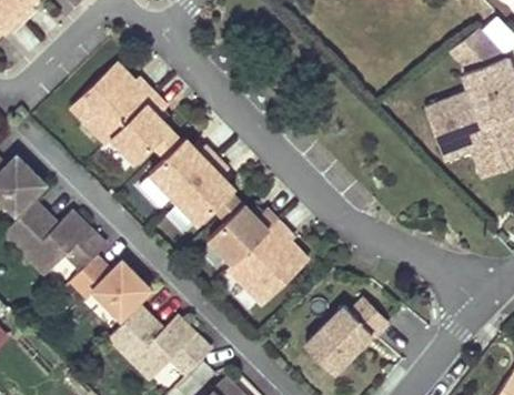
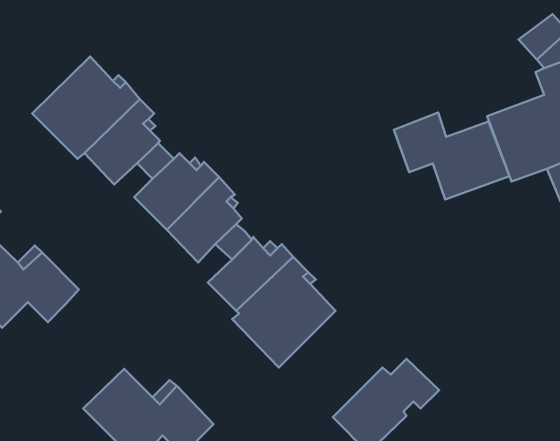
building: none -> [394,113,509,200]
building: [71,256,151,318] -> none

